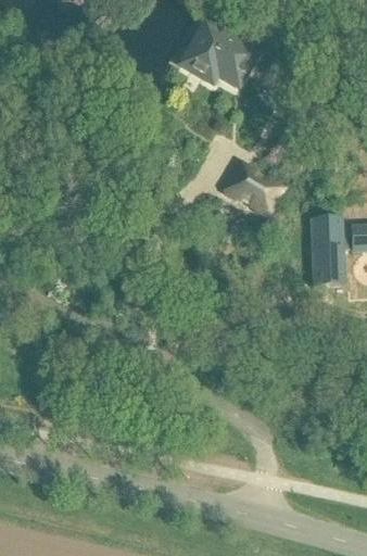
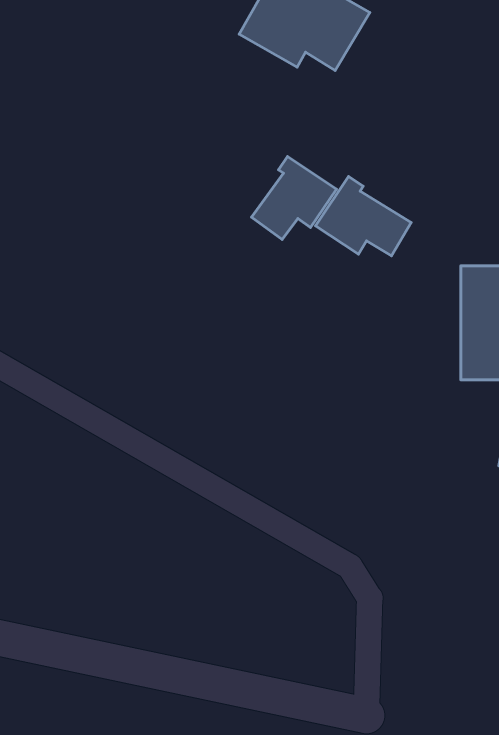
building: none -> [251,156,337,239]

